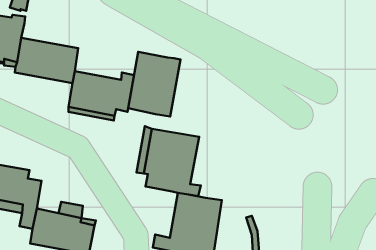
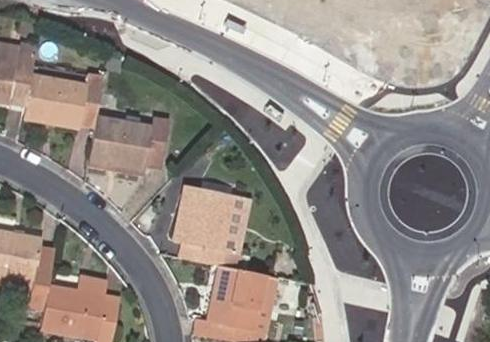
building: [128,52,180,117] -> none

